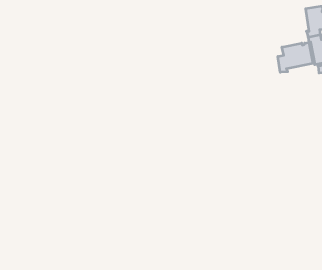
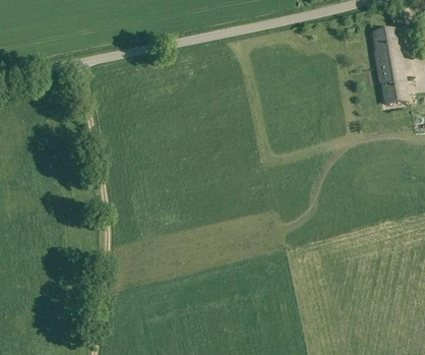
building: [278,43,313,72] -> none

